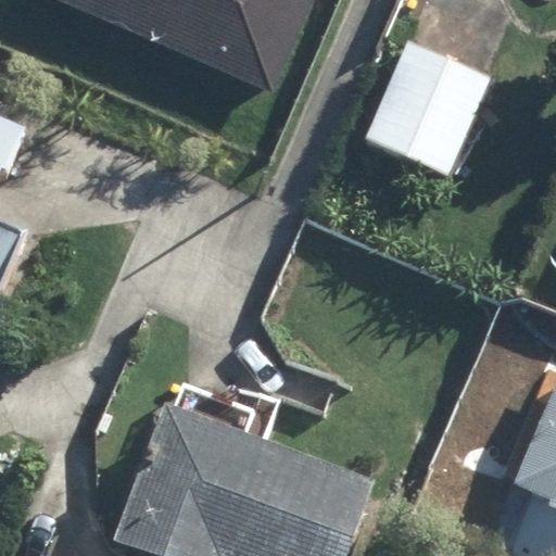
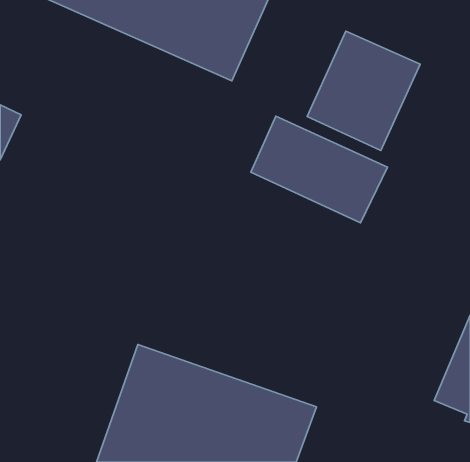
building: none -> [251,116,387,223]

